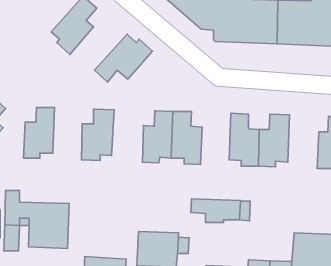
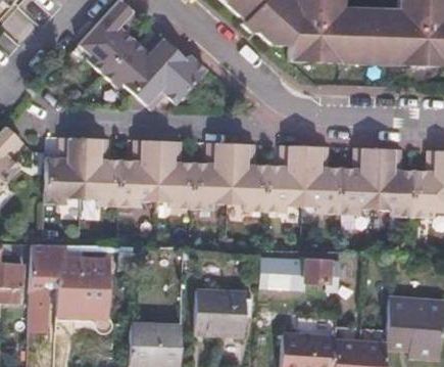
building: none -> [107,33,179,93]
building: none -> [86,140,122,205]
building: none -> [159,143,199,209]
building: none -> [270,146,308,212]
building: none -> [380,149,418,217]

